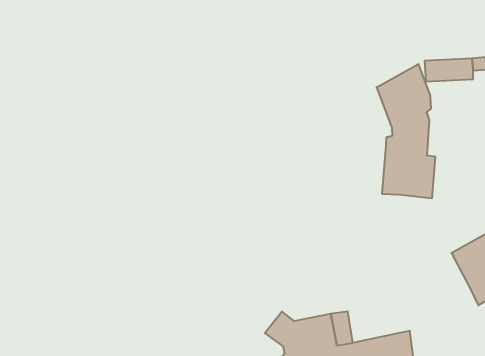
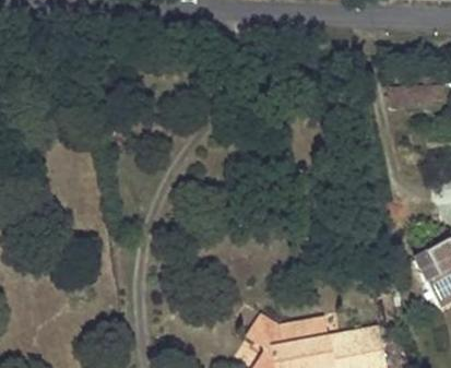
building: [377,64,435,198] -> none

